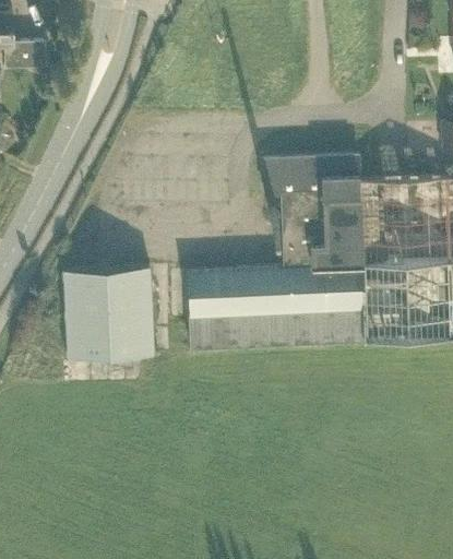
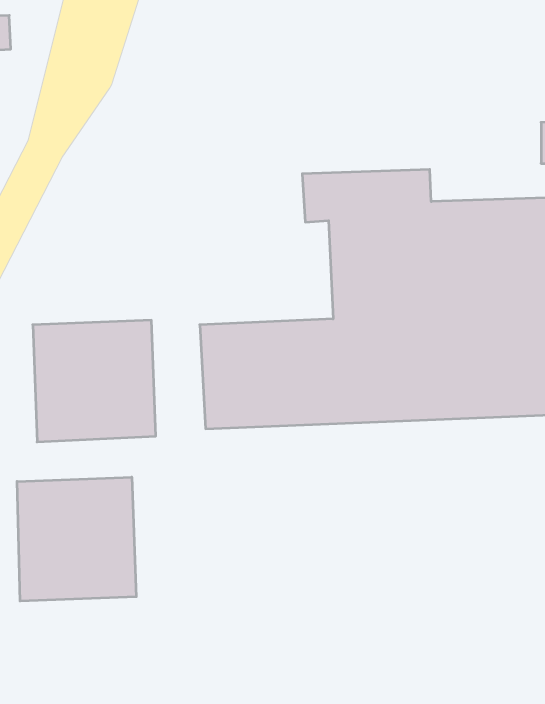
building: none -> [17,477,136,601]

